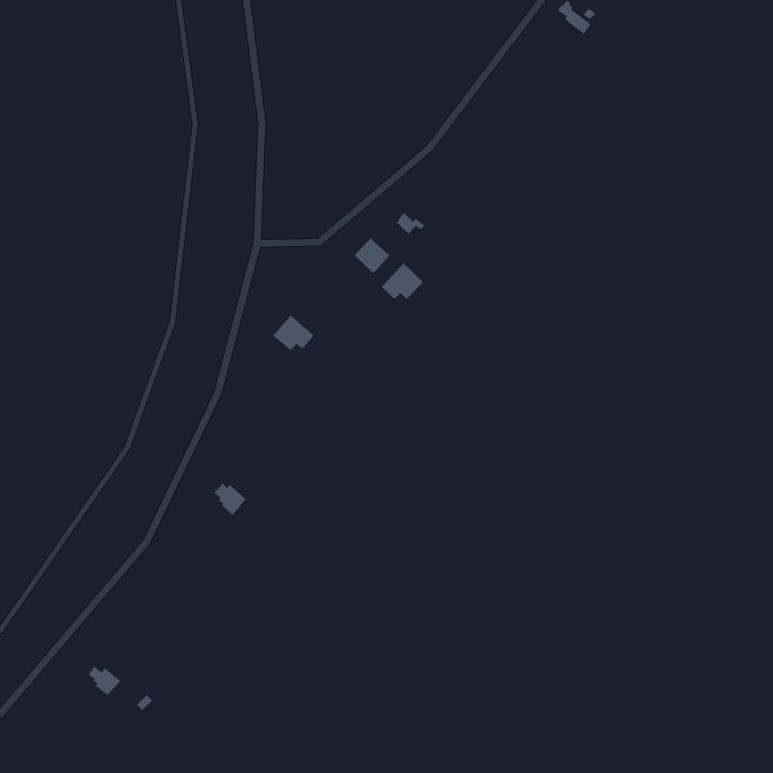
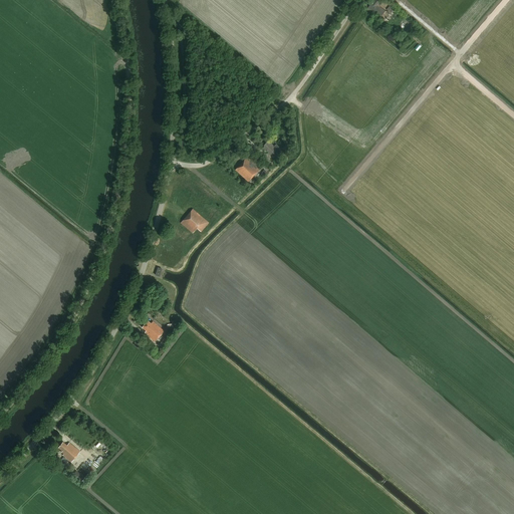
building: [381,263,424,300] -> none

